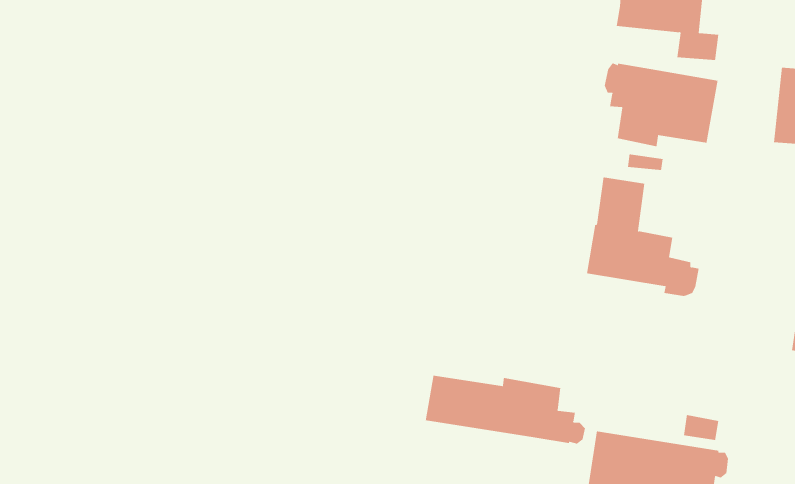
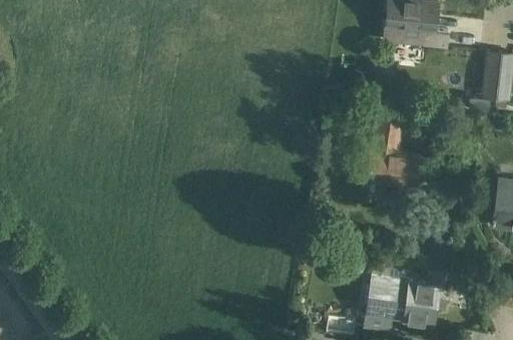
building: [604,62,718,147] -> none
building: [425,375,586,445] -> none

